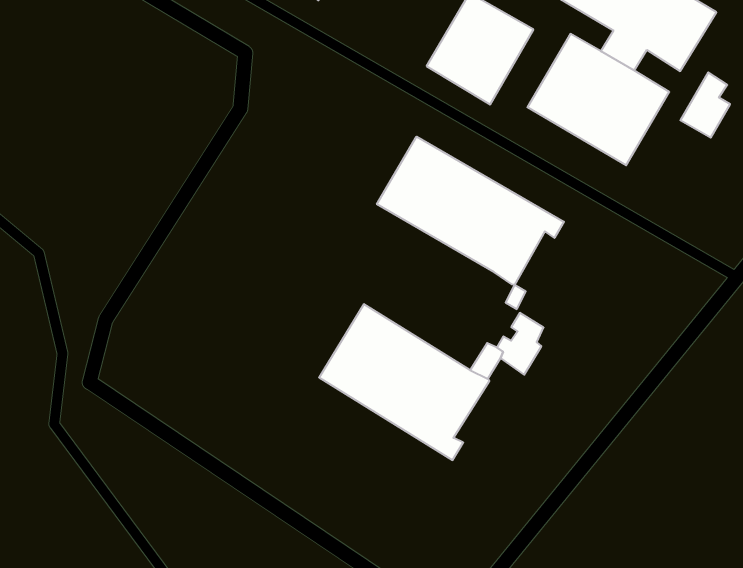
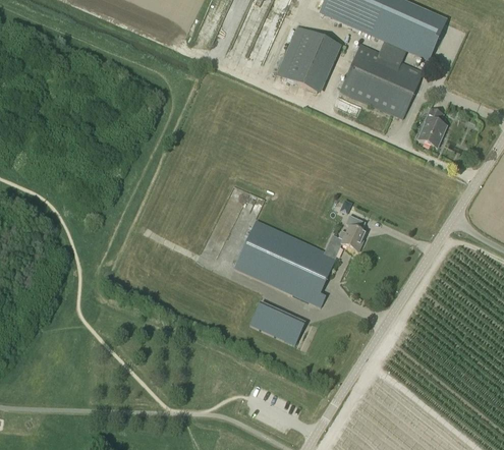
building: [680,72,730,138] -> [418,108,447,147]
building: [377,137,564,285] -> none
building: none -> [244,297,311,349]

